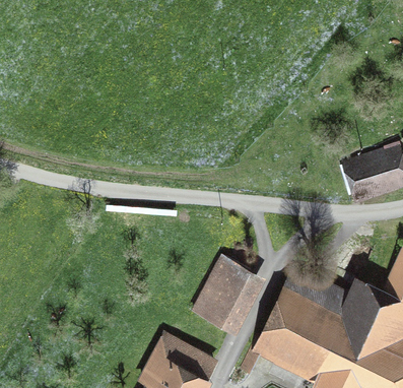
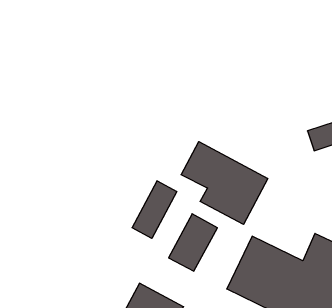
building: none -> [181,142,268,224]
building: none -> [132,181,177,238]

